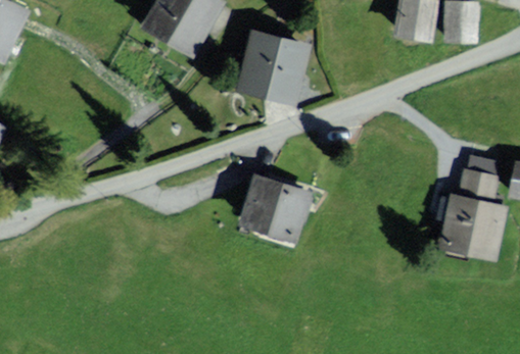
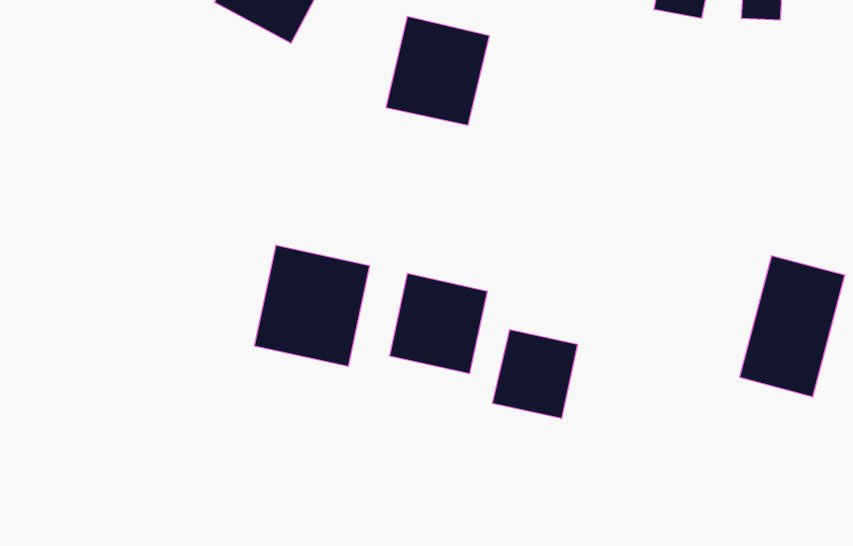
building: none -> [255,245,370,366]
building: none -> [492,330,578,419]

